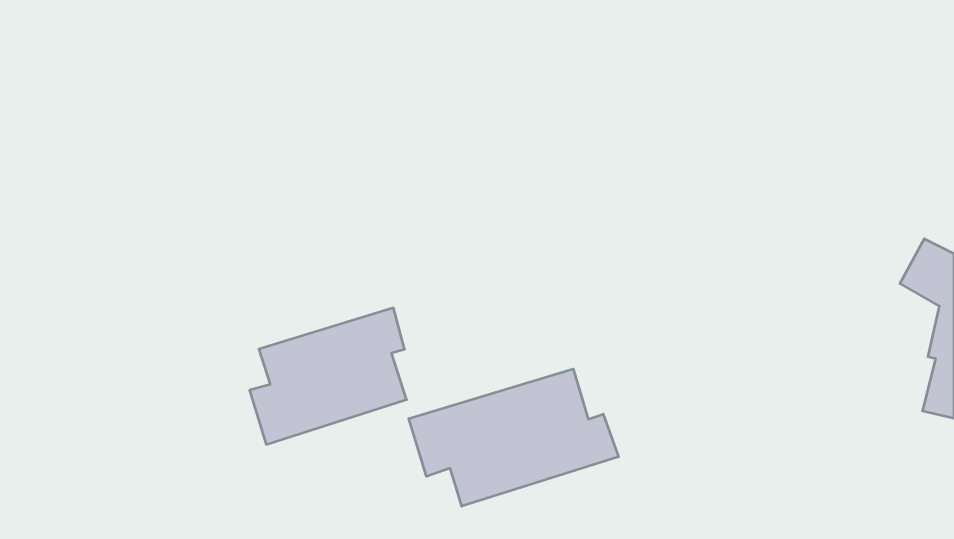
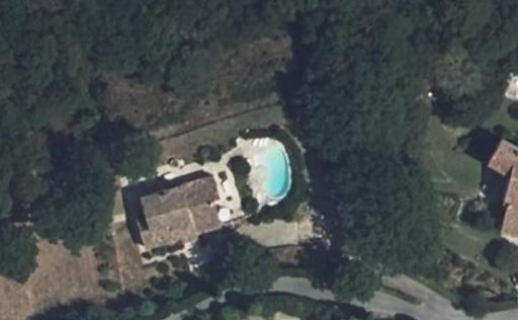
building: [409,369,618,506] -> none

